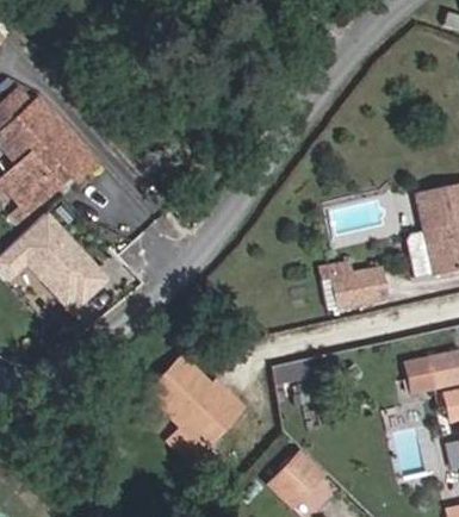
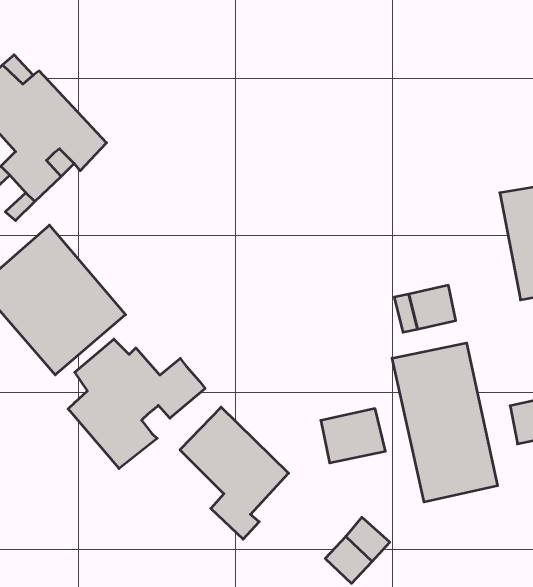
building: none -> [68,339,205,469]
building: none -> [392,343,498,502]

